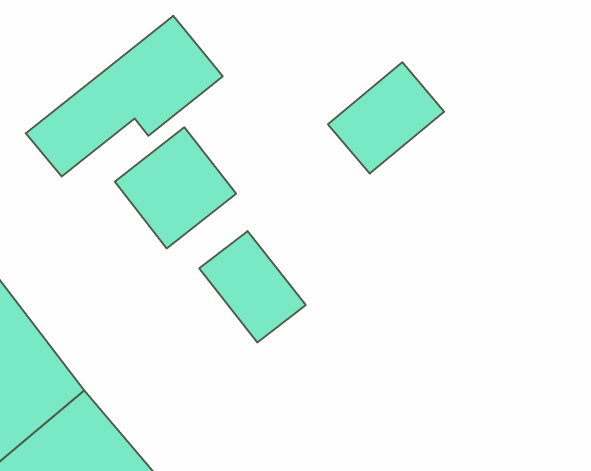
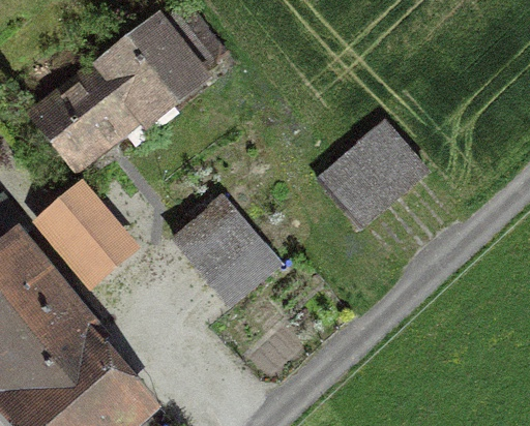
building: [328,62,444,174] -> [320,128,417,221]
building: [115,127,236,248] -> [49,175,150,276]

